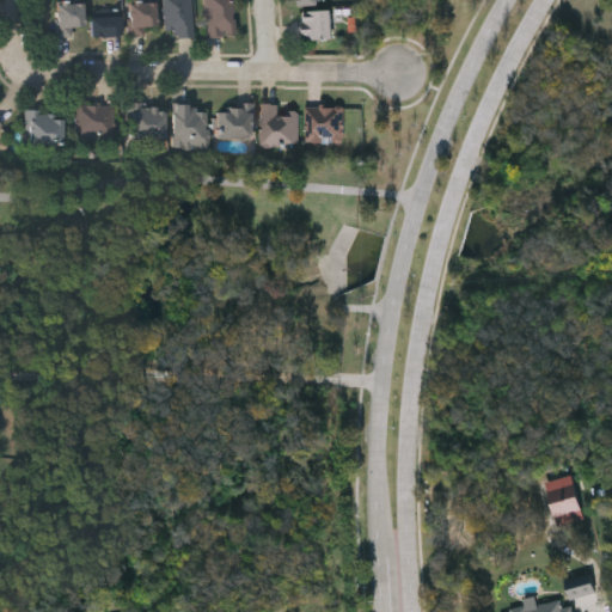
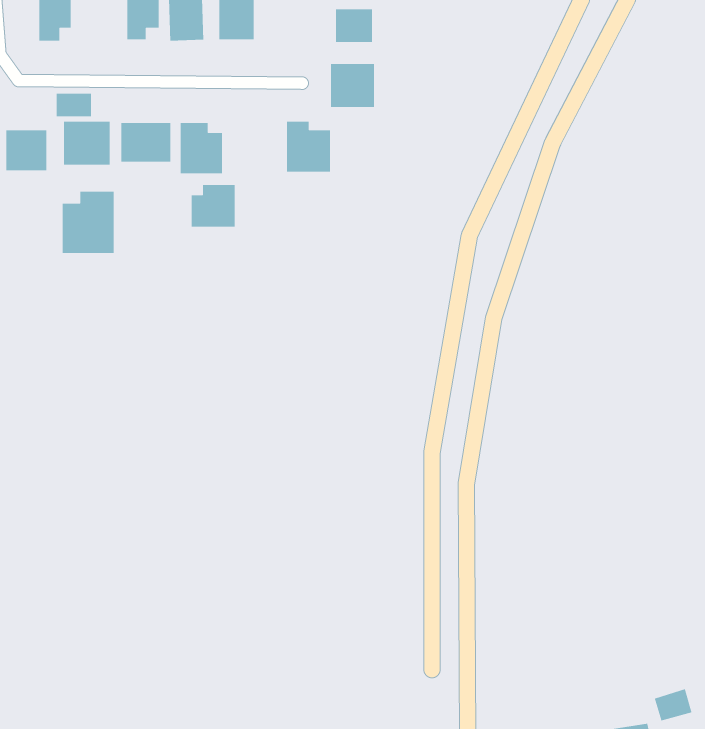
building: [90,16,120,36] -> [56,93,92,117]
building: [215,103,252,139] -> [191,184,235,228]
building: [306,105,343,142] -> [330,63,375,108]
building: none -> [62,191,115,254]
building: [545,476,585,527] -> none

